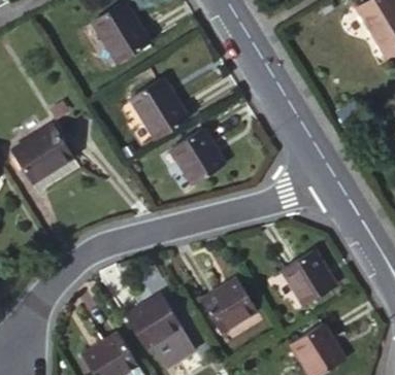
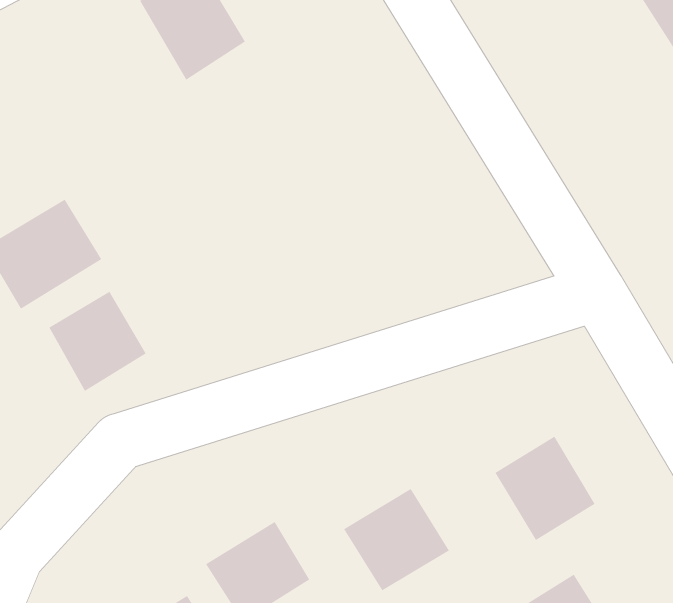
building: [130,76,187,138] -> none
building: [169,128,225,184] -> none
building: none -> [49,291,146,392]

